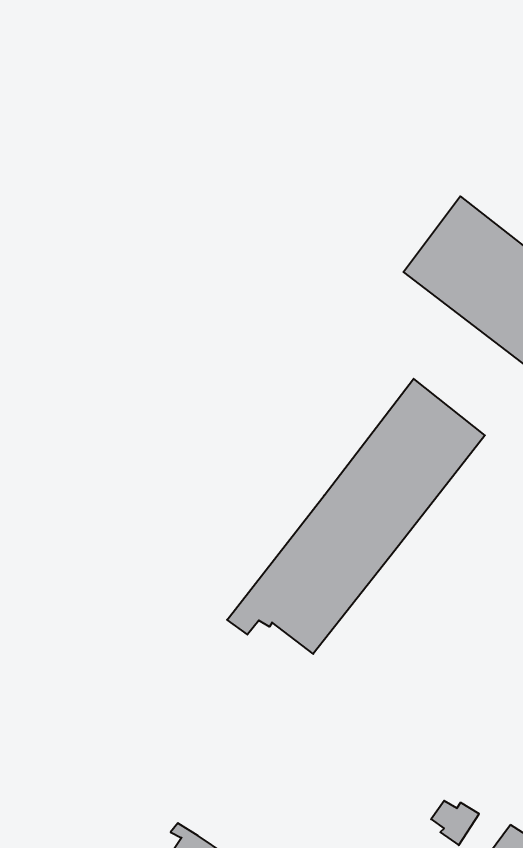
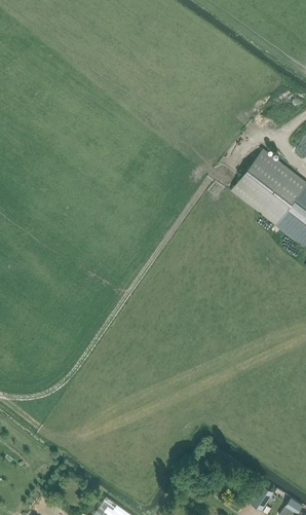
building: [227,379,485,654] -> none

